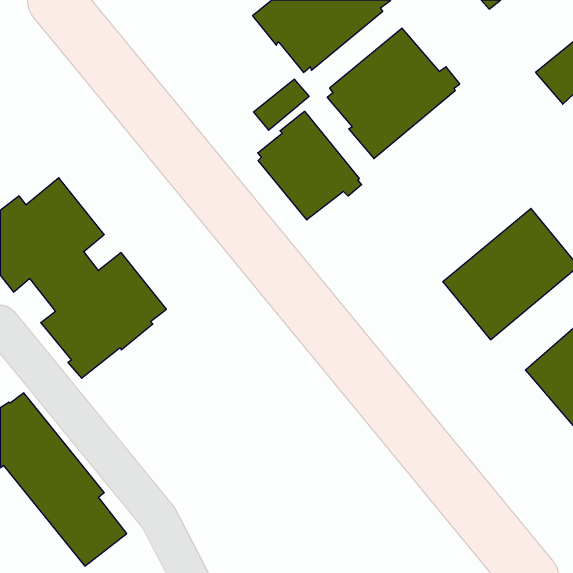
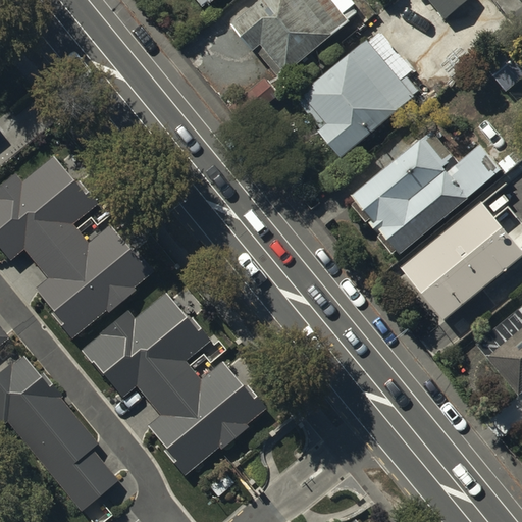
building: [258,111,362,220] -> none
building: none -> [355,125,503,247]
building: none -> [89,301,267,482]

